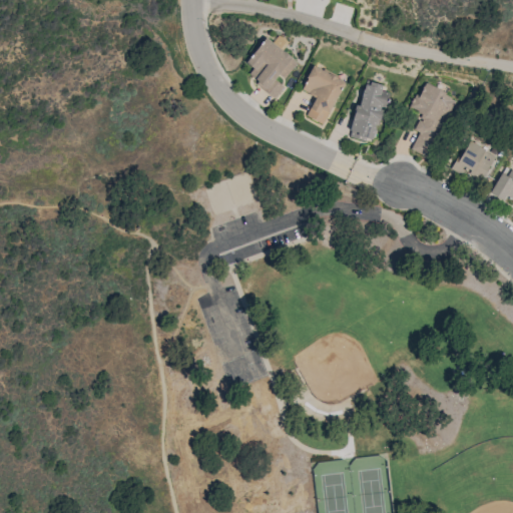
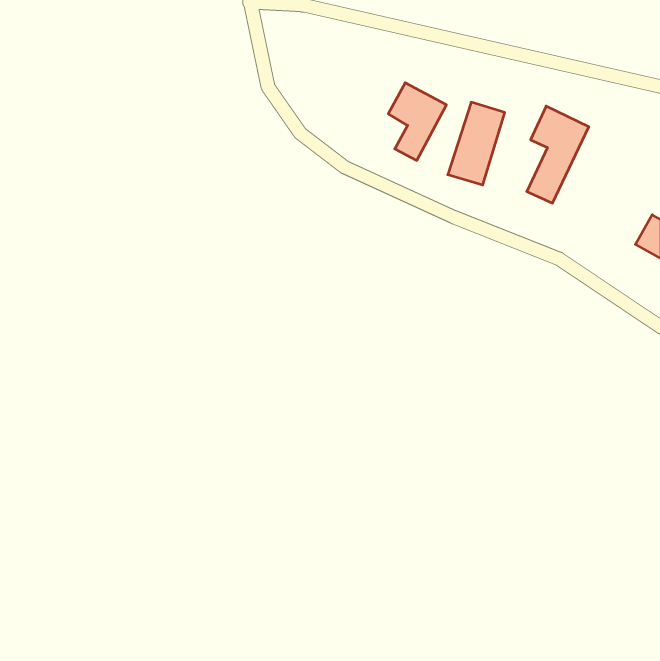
building: [247,36,300,97] -> none
building: [455,140,495,181] -> none

